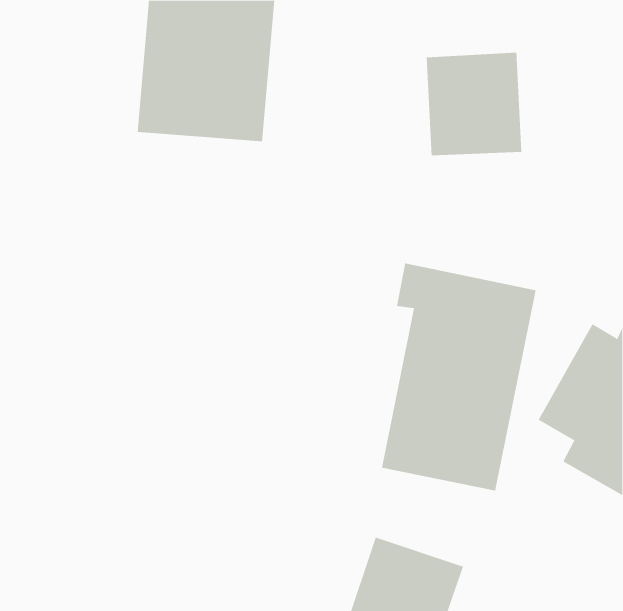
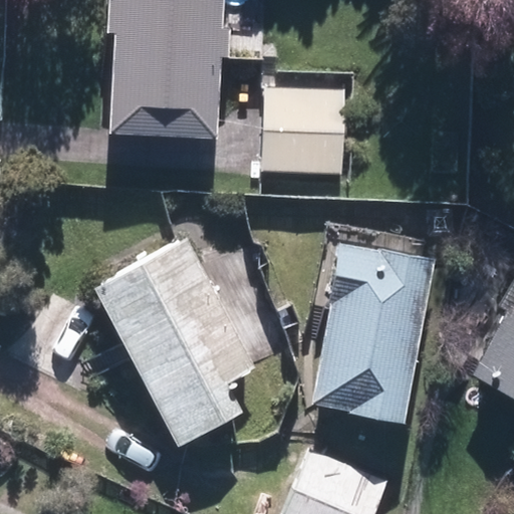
building: [426,52,522,156] -> [267,90,345,175]
building: none -> [99,230,267,439]

